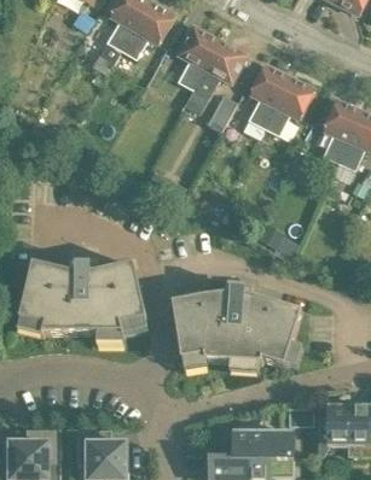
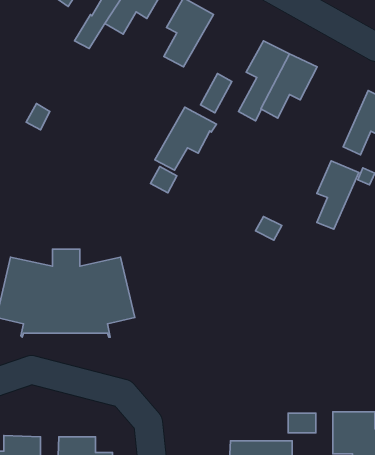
building: [191,40,248,98] -> [155,107,216,170]
building: [323,99,361,162] -> [317,161,359,229]
building: [172,280,301,365] -> none

